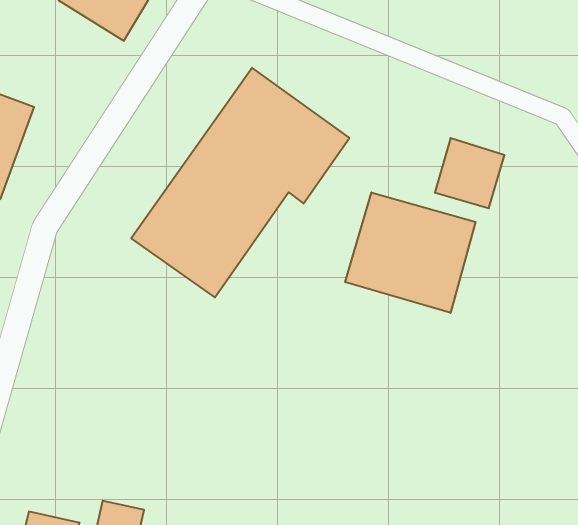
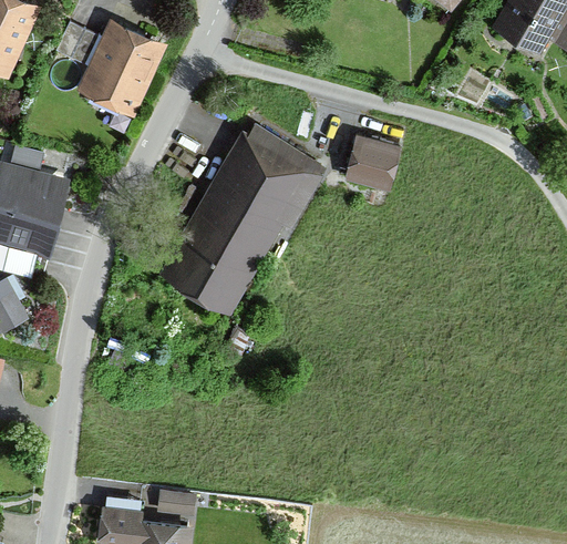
building: [435,138,505,208] -> [347,136,400,189]
building: [345,192,476,313] -> none

